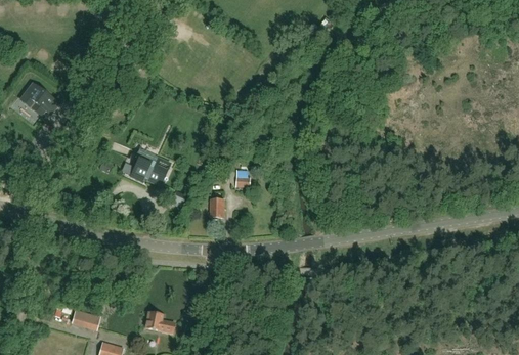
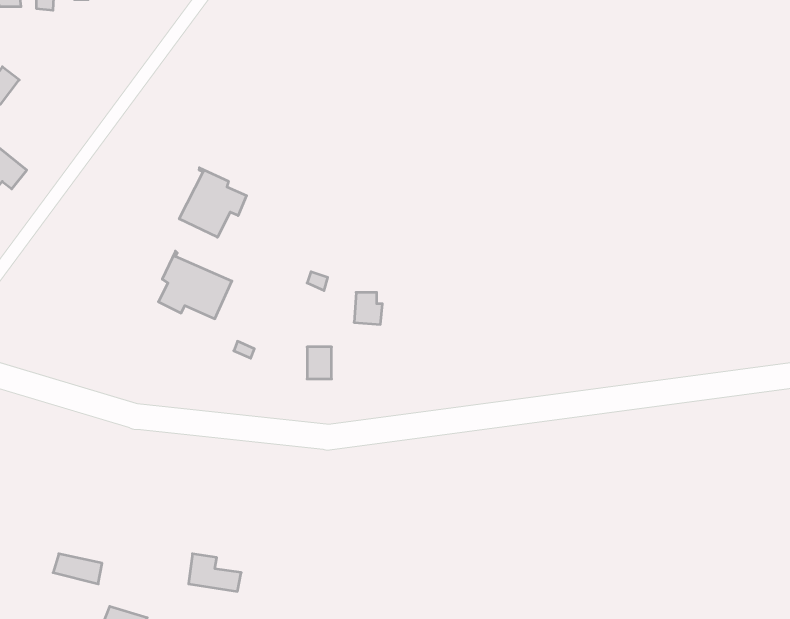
building: none -> [179,168,247,237]

